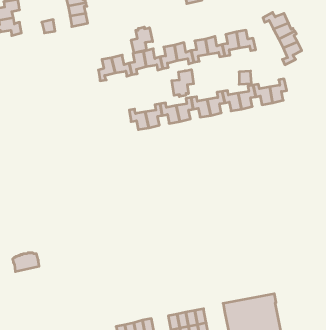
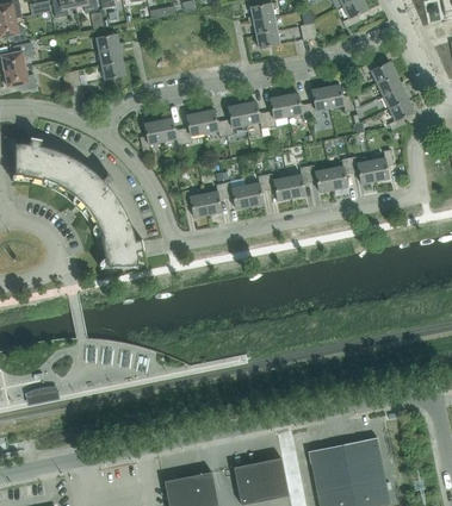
building: [131,27,153,53] -> none
building: [172,70,194,97] -> none
building: none -> [16,137,144,264]

